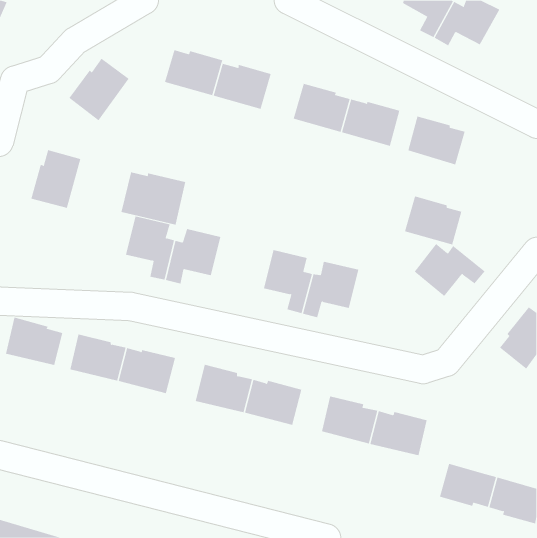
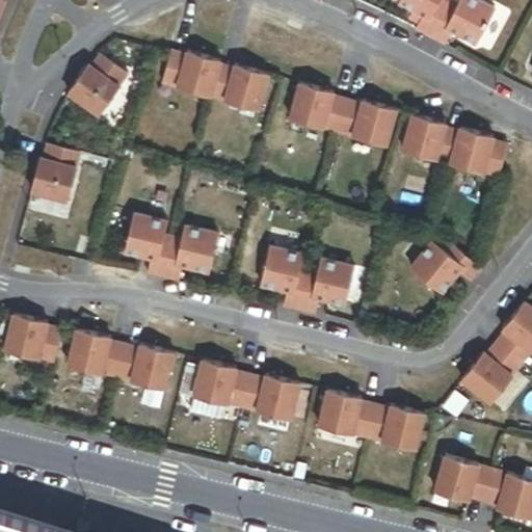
building: [121,171,186,226] -> none
building: [404,196,462,245] -> [450,128,507,177]
building: none -> [459,343,520,404]

